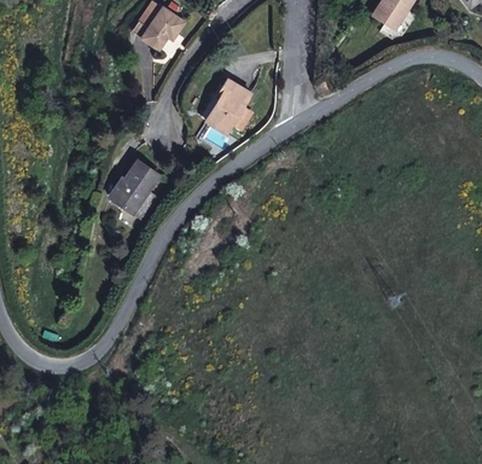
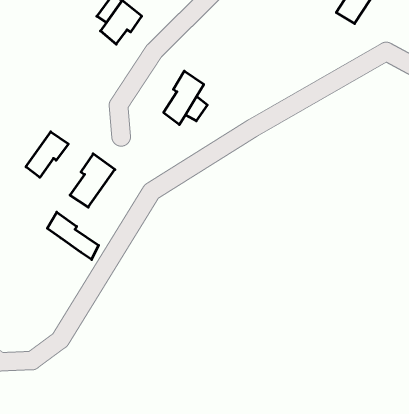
building: none -> [26,132,68,177]
building: none -> [47,212,99,260]

